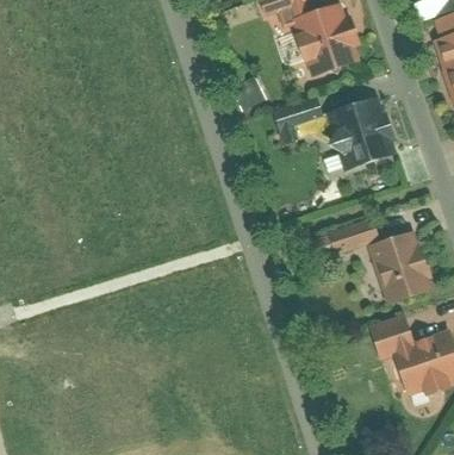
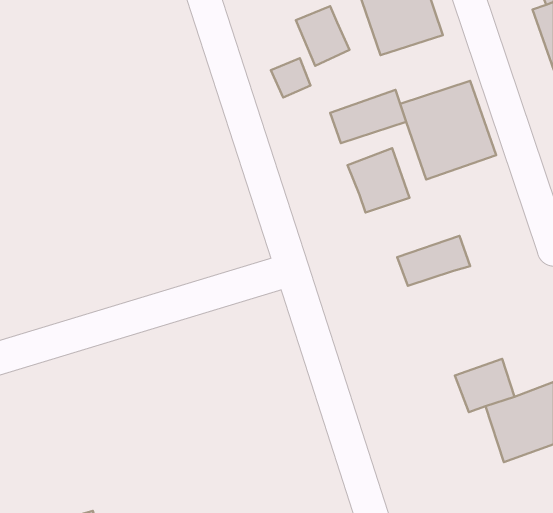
building: none -> [296,6,350,66]
building: none -> [348,148,410,213]
building: [371,229,435,303] -> none

